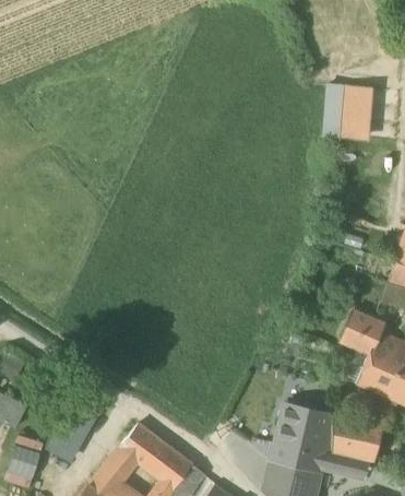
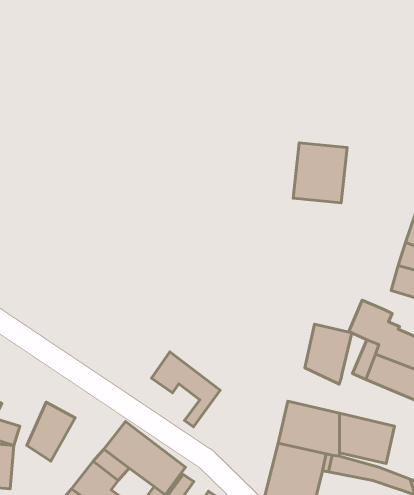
building: [320,83,369,138] -> [293,143,347,203]
building: none -> [305,324,352,384]
building: none -> [152,352,220,427]

